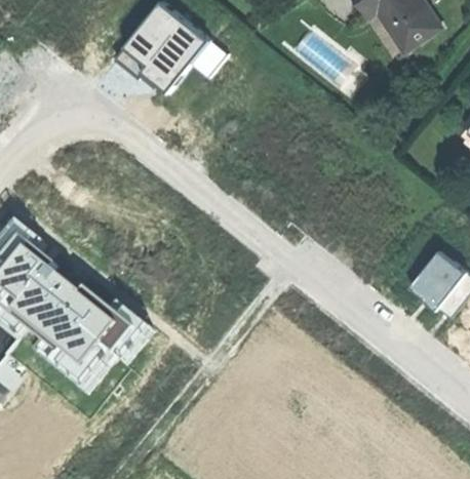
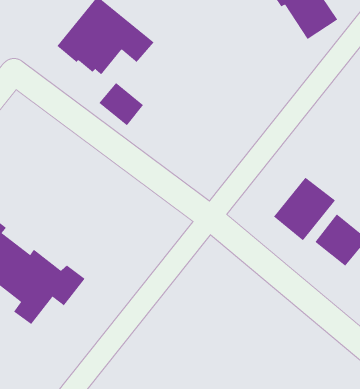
building: none -> [99,82,144,126]
building: none -> [273,177,336,241]

